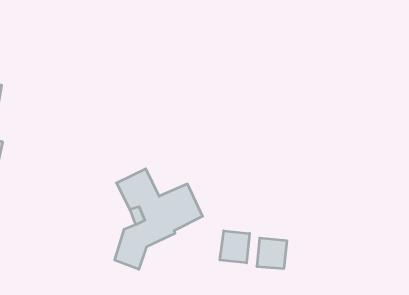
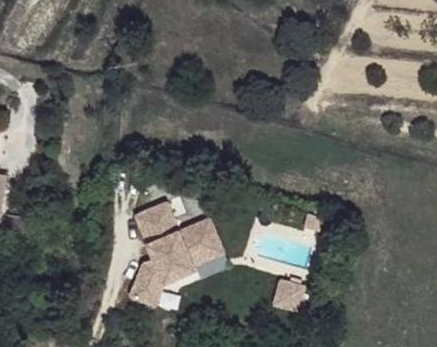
building: [220,231,250,263] -> none

